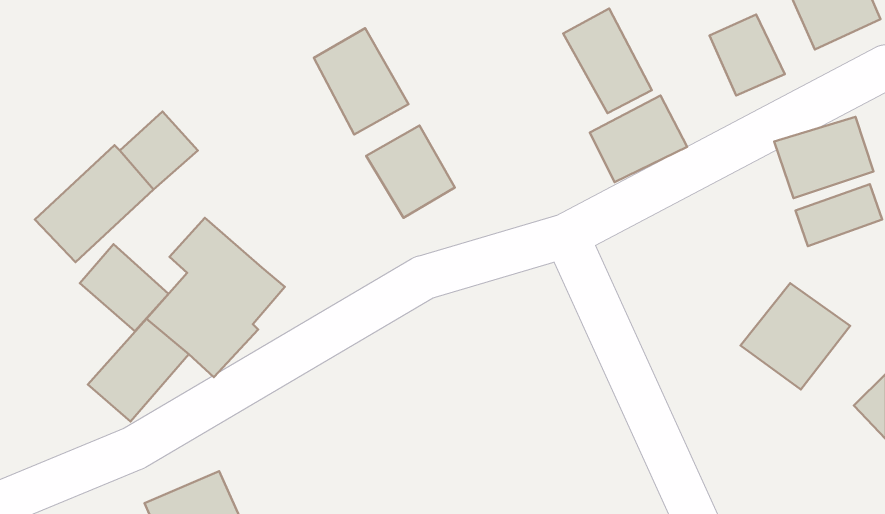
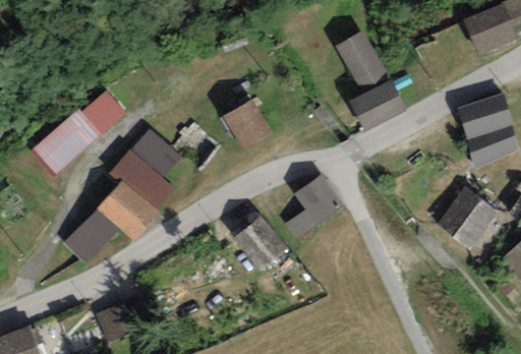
building: [710,14,785,95] -> none
building: [314,28,409,134] -> none
building: [80,244,168,331] -> [130,129,181,179]
building: none -> [285,175,343,239]
building: none -> [233,214,288,271]

